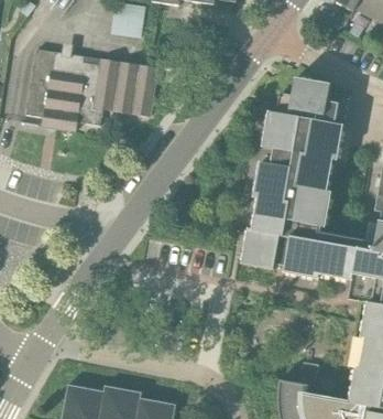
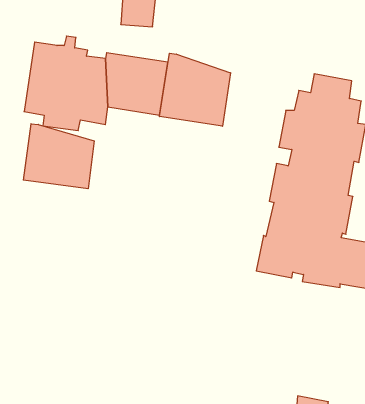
building: none -> [159,53,231,126]
building: none -> [23,124,94,189]

